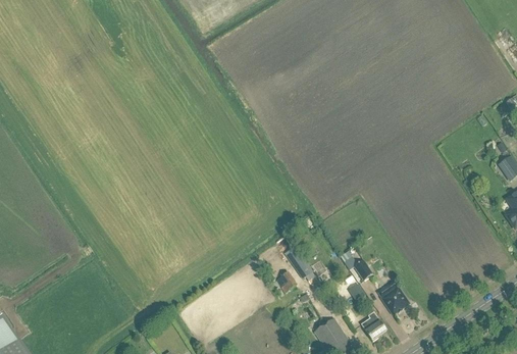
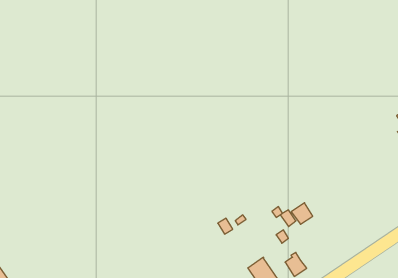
building: [381,287,408,313] -> [291,203,313,224]

